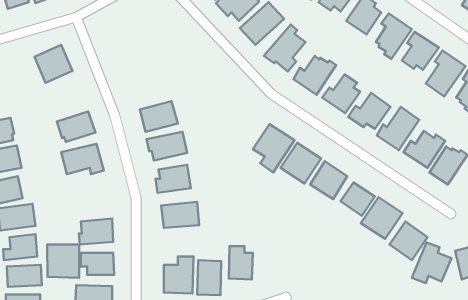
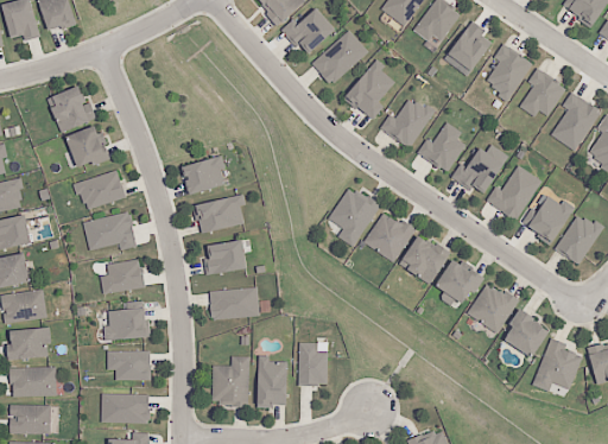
building: none -> [65,125,112,167]
building: none -> [100,259,144,294]
building: [47,244,79,278] -> none

